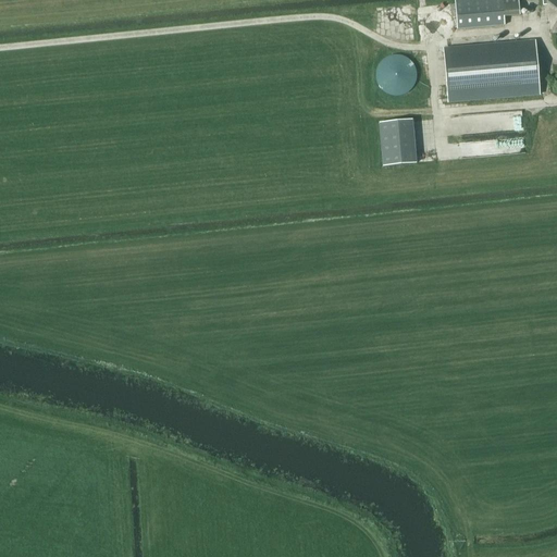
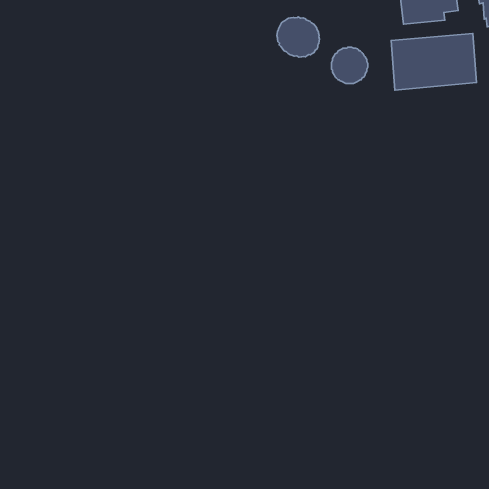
building: none -> [277,17,319,57]
building: [380,119,416,165] -> none

